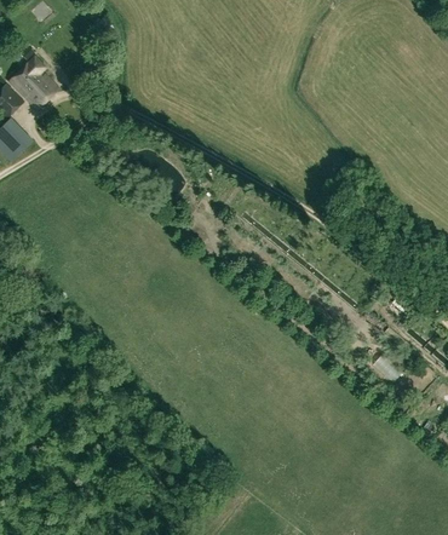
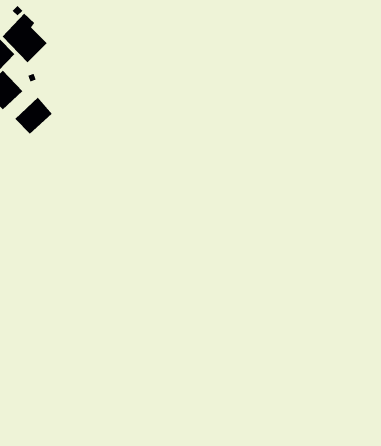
building: none -> [15,97,53,135]

